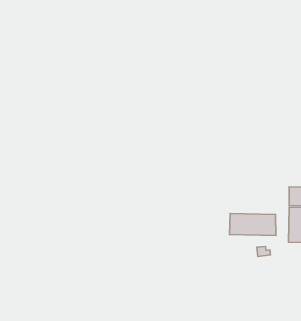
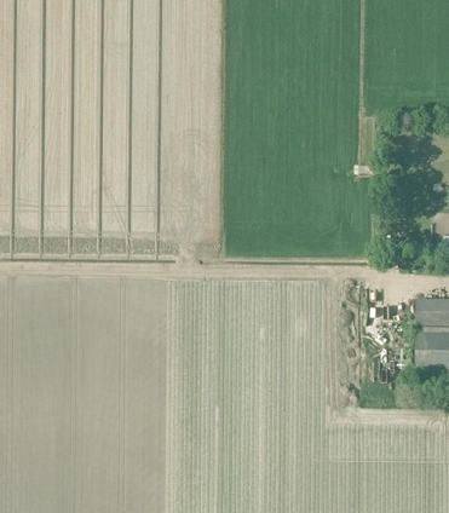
building: [229,213,276,235] -> none

